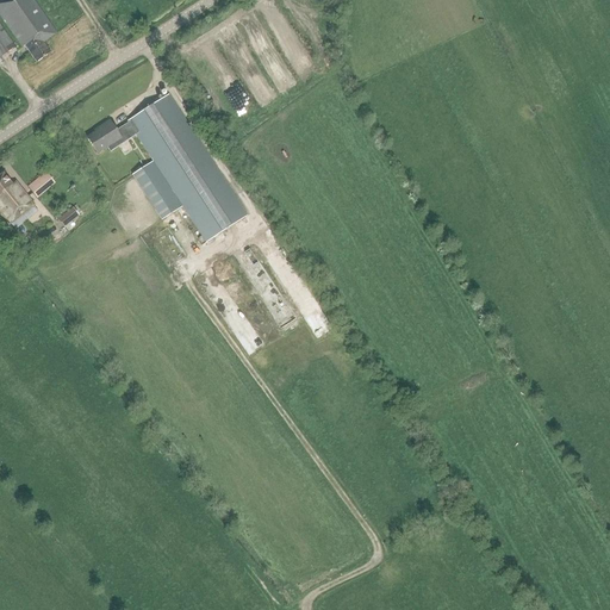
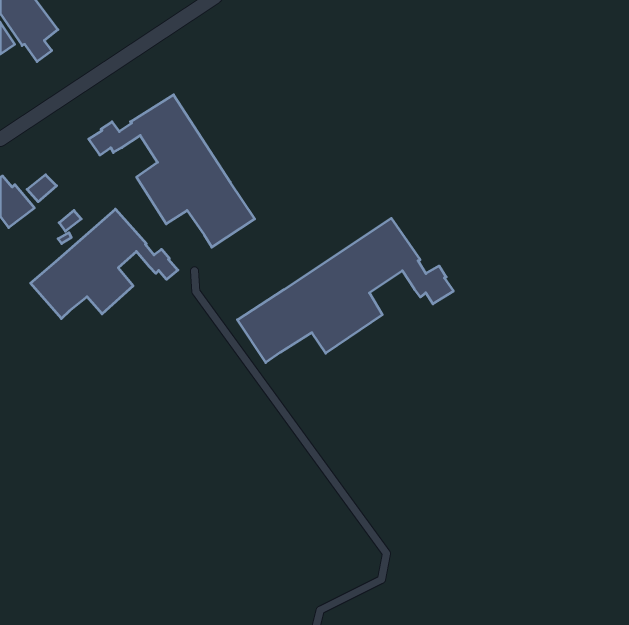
building: none -> [31,209,178,319]
building: none -> [237,218,453,363]

